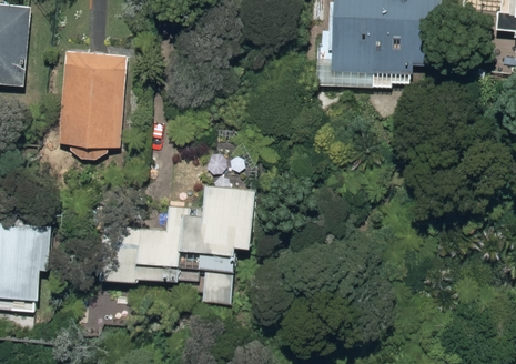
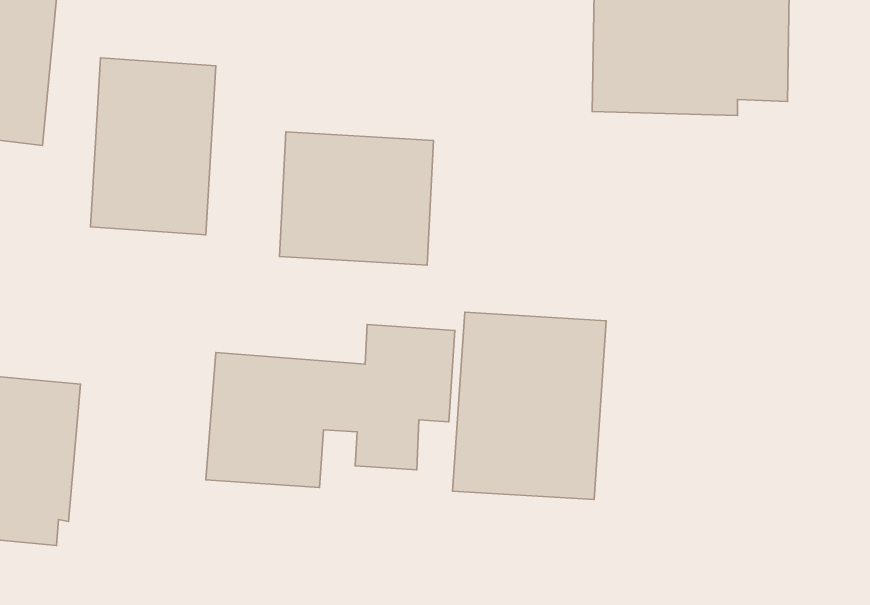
building: none -> [279,132,433,265]
building: none -> [453,312,606,500]

